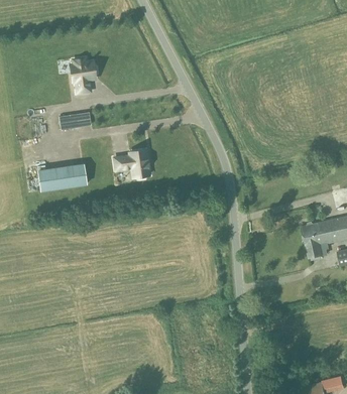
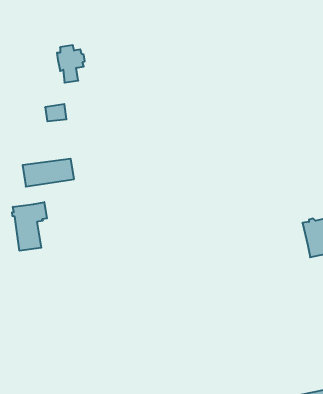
building: [115,150,150,178] -> none
building: none -> [12,202,47,251]

